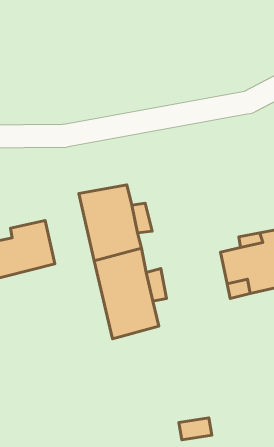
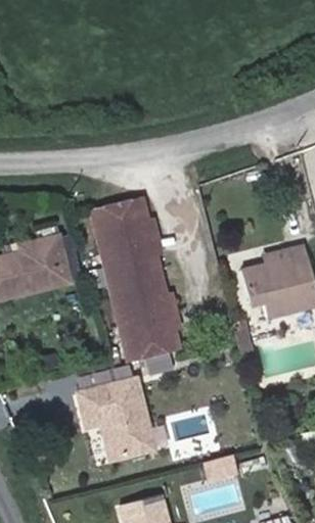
building: none -> [77,380,150,459]

